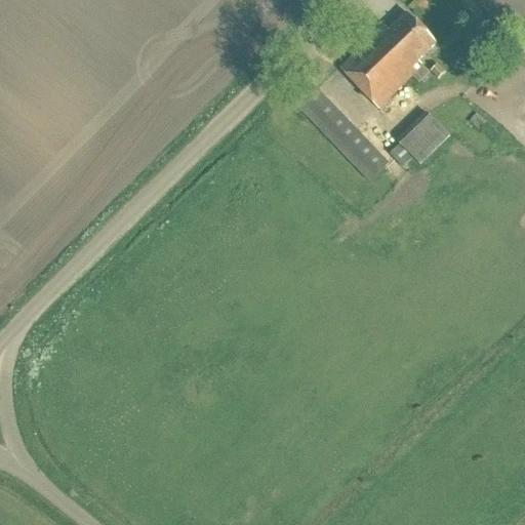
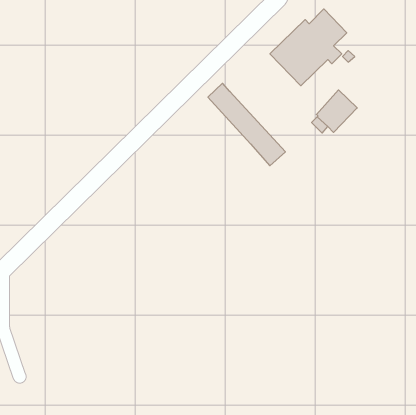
building: [291,78,389,181] -> [208,83,285,166]

